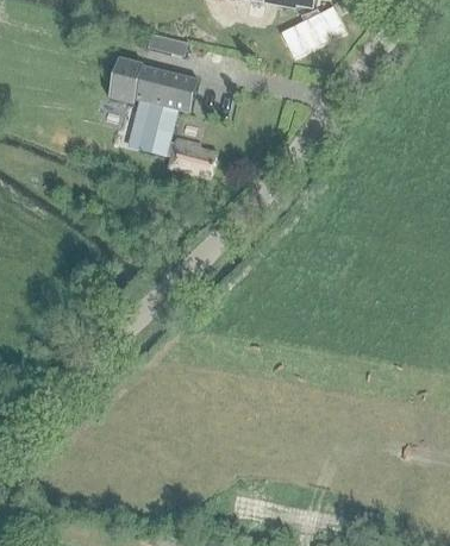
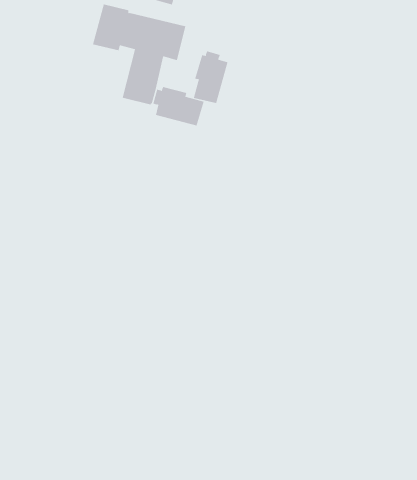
building: none -> [193,50,228,104]

